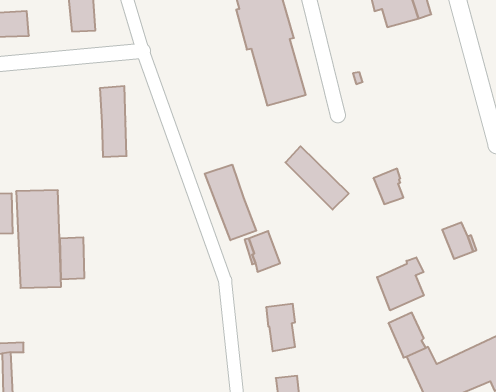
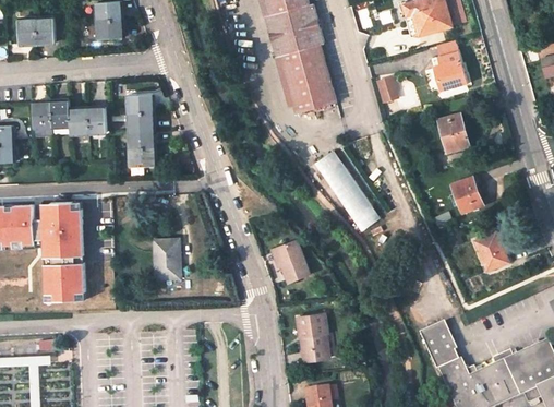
building: none -> [431,41,466,91]
building: none -> [32,101,105,133]
building: none -> [438,113,468,149]
building: [205,165,256,240] -> none
building: [373,169,403,204] -> [451,175,482,211]
building: [60,237,84,279] -> [153,239,178,282]
building: [377,257,424,310] -> none

